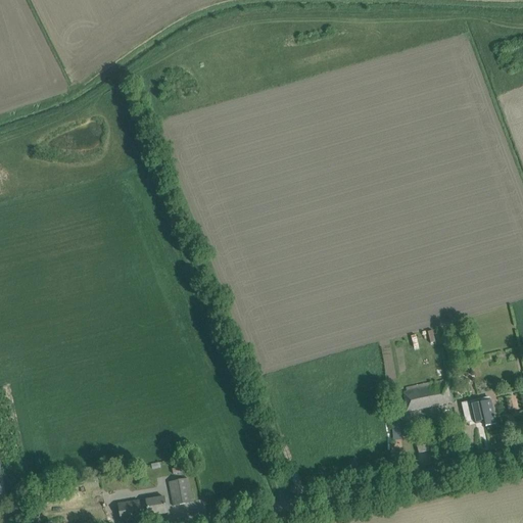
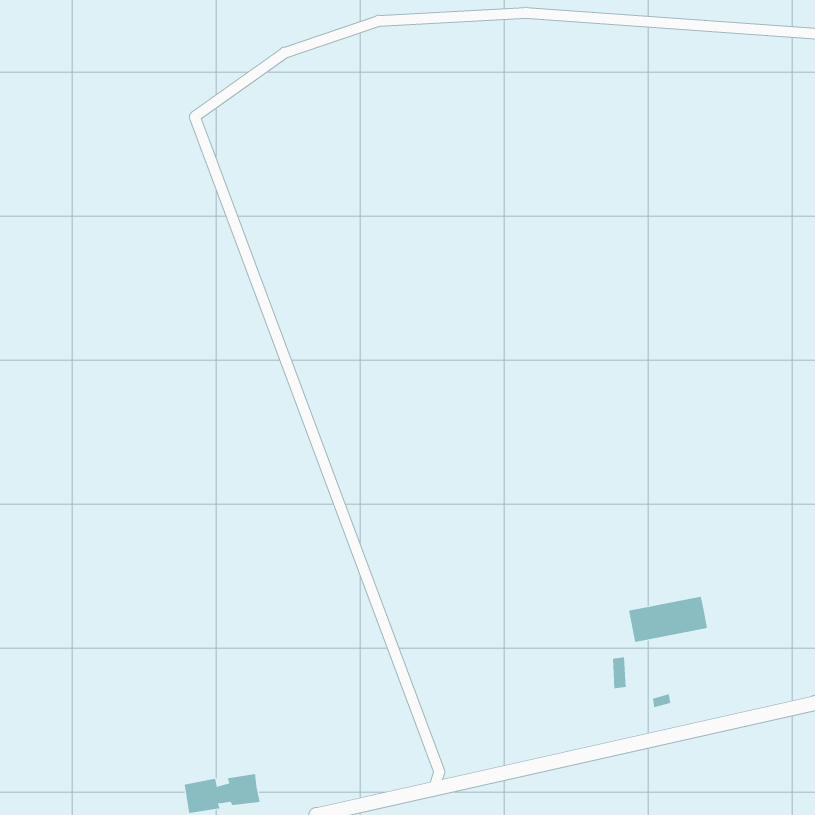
building: [462,396,495,426] -> none
building: [168,478,191,505] -> none

